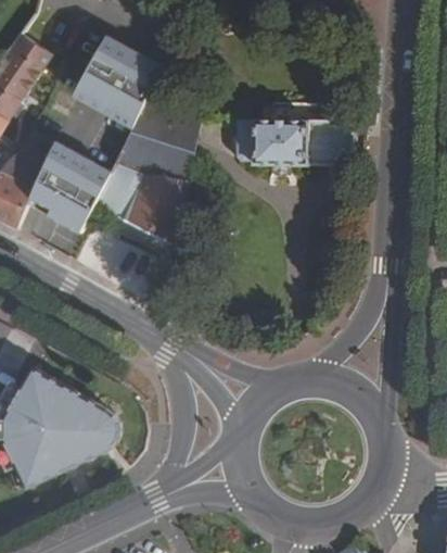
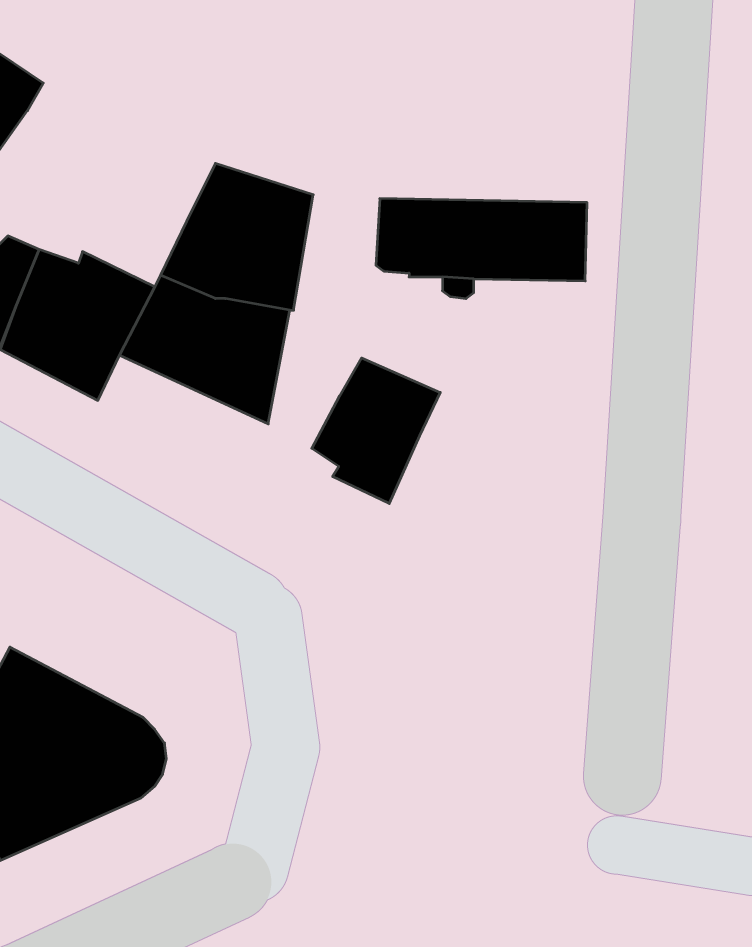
building: [74,36,163,126] -> none
building: none -> [312,358,440,504]

